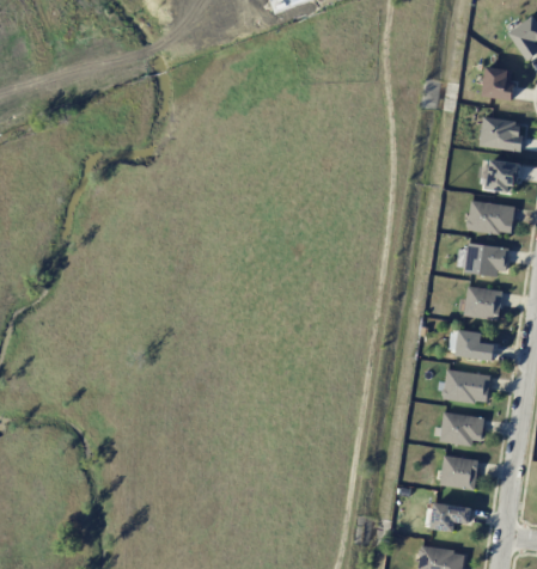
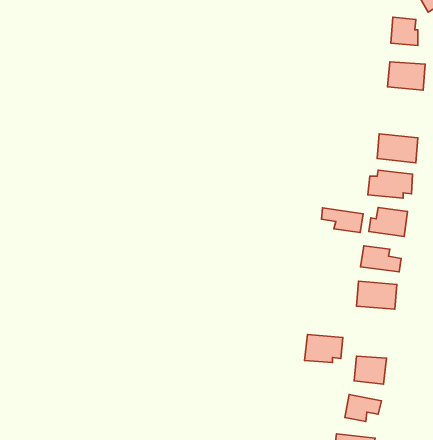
building: [487,159,520,194] -> none
building: none -> [321,208,363,233]
building: [440,412,484,445] -> [304,335,343,363]

